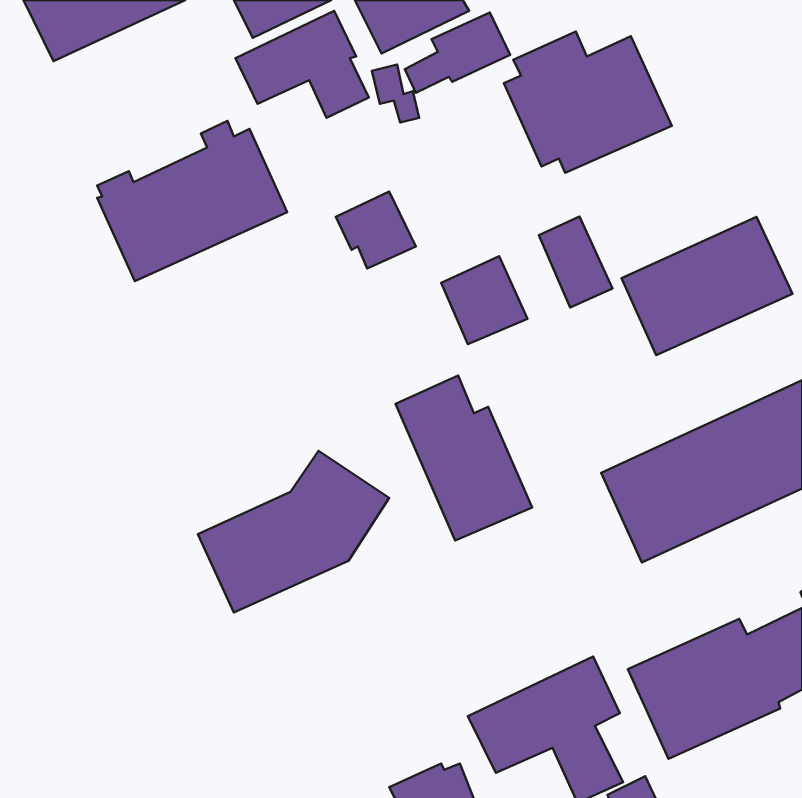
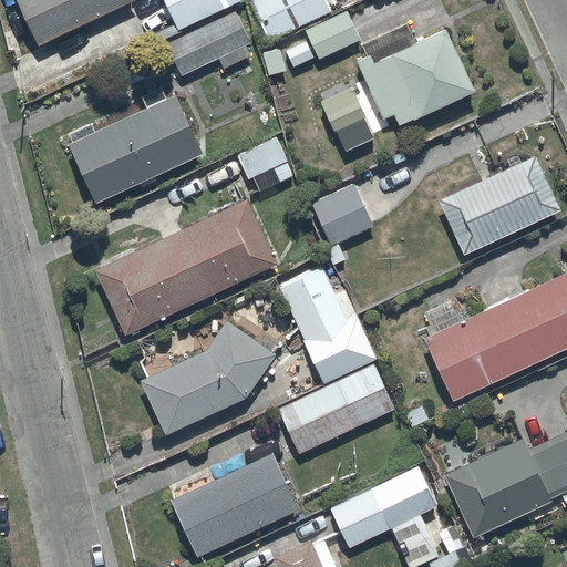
building: [539,216,613,307] -> [321,87,373,152]
building: none -> [94,198,276,336]
building: none -> [277,365,394,454]
building: none -> [169,453,299,558]

